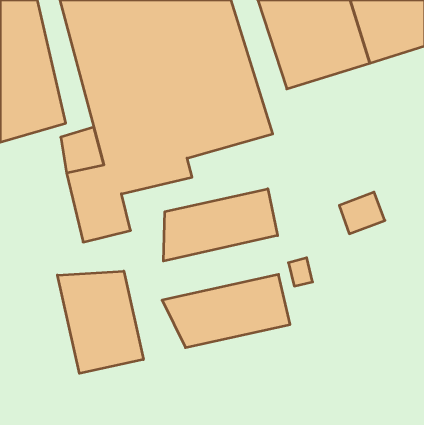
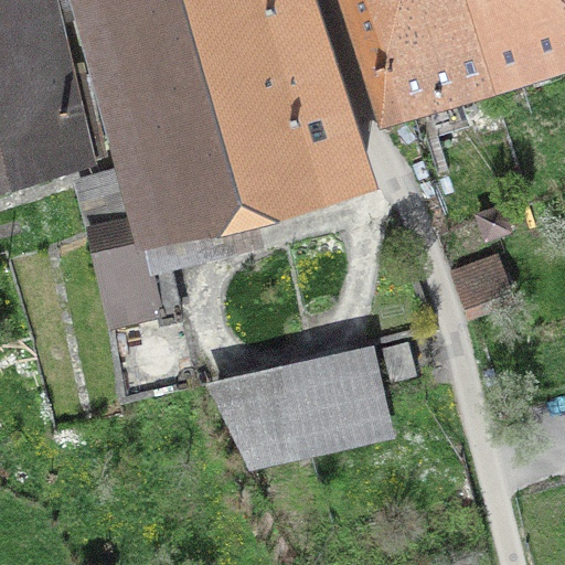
building: [163,189,278,261] -> none
building: [57,271,143,373] -> none

